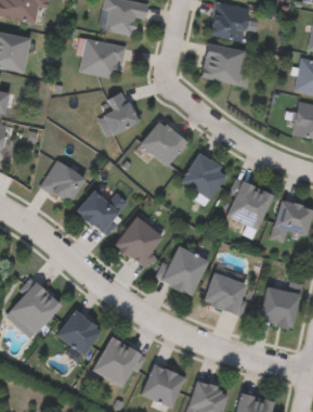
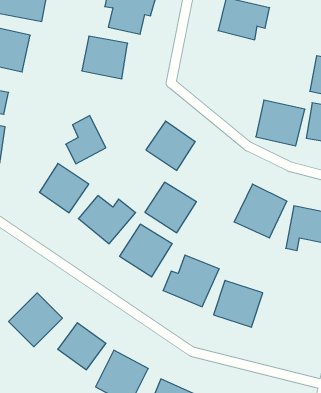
building: [201,42,248,86] -> [256,100,305,146]
building: [101,90,139,136] -> [66,116,106,164]
building: [182,153,231,201] -> [145,182,196,233]
building: [260,286,301,329] -> none

